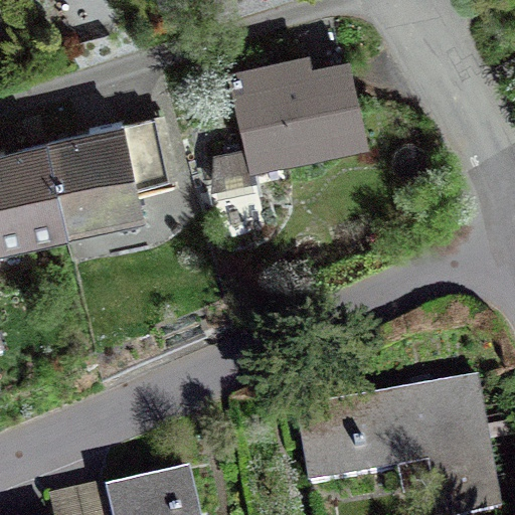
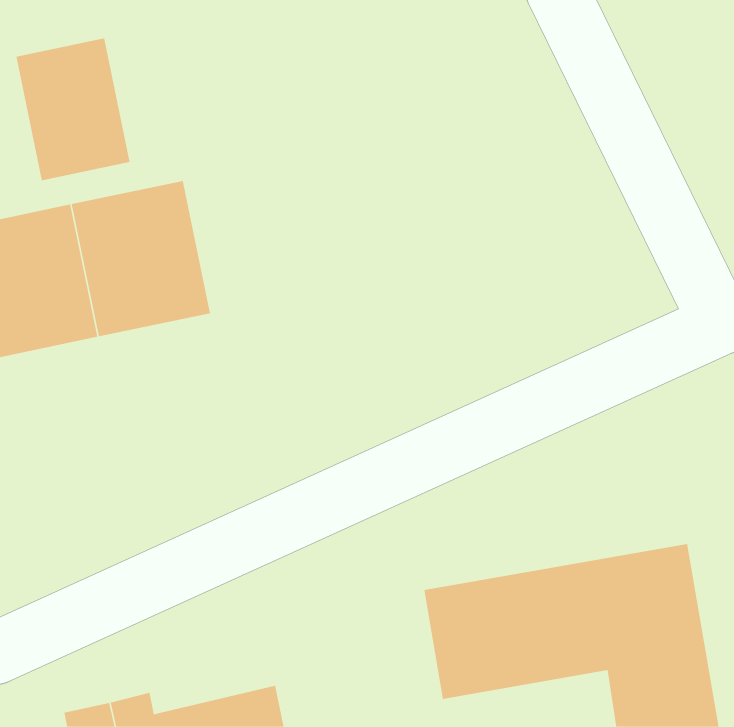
building: none -> [16,38,130,181]
building: [232,55,370,174] -> none

